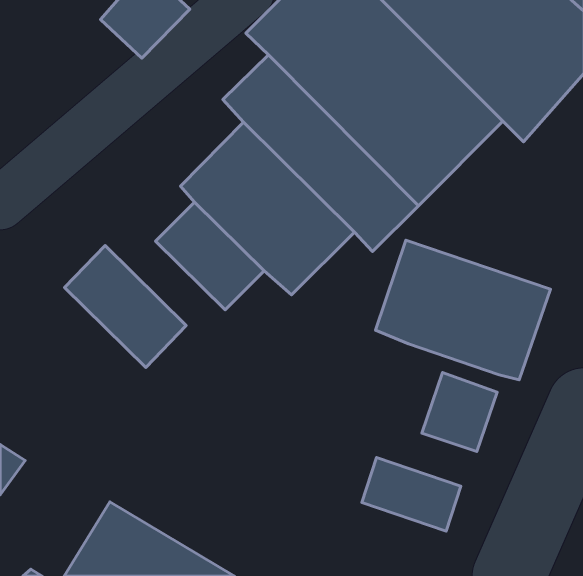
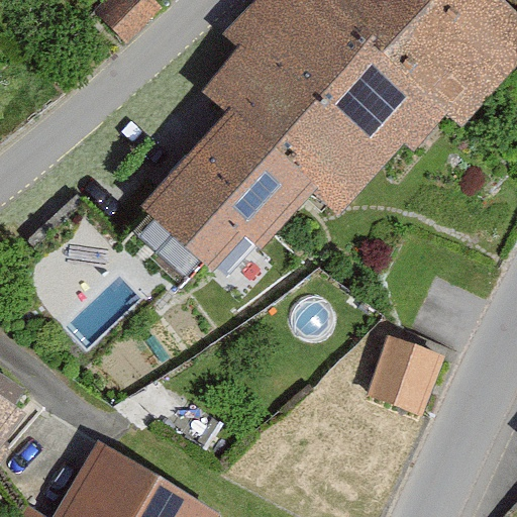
building: [376,240,550,380] -> none
building: [65,246,186,367] -> none
building: [362,458,461,531] -> none

